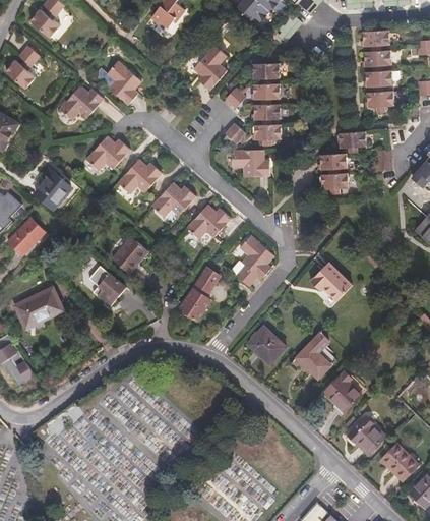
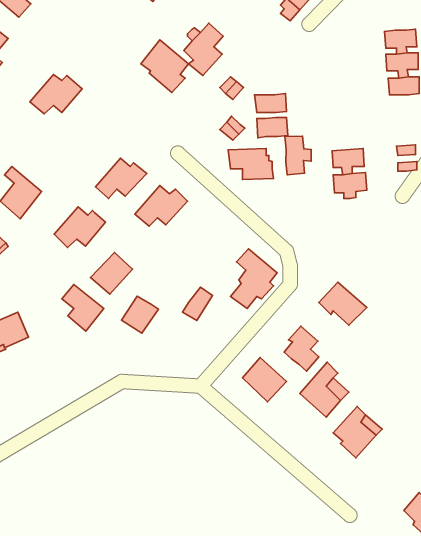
building: [363,28,390,50] -> none
building: [104,60,144,105] -> [141,40,189,92]
building: [251,63,279,78] -> none
building: [253,83,280,100] -> none
building: [339,130,367,146] -> none
building: [85,135,129,170] -> [54,207,106,247]
building: none -> [285,136,311,175]
building: [187,205,232,238] -> none
building: [179,290,210,322] -> [122,296,159,333]
building: none -> [284,326,319,371]
building: [342,416,384,456] -> none

